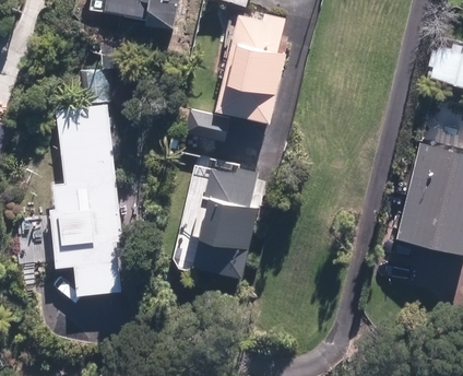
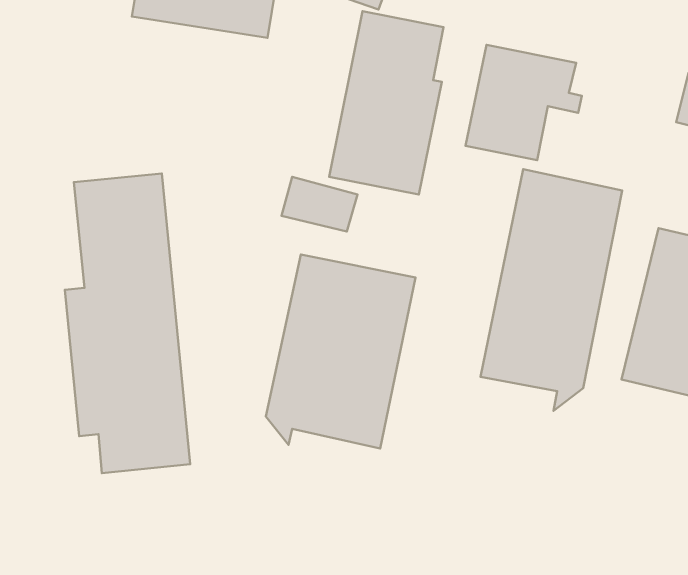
building: none -> [465,45,582,160]
building: none -> [480,169,622,411]

